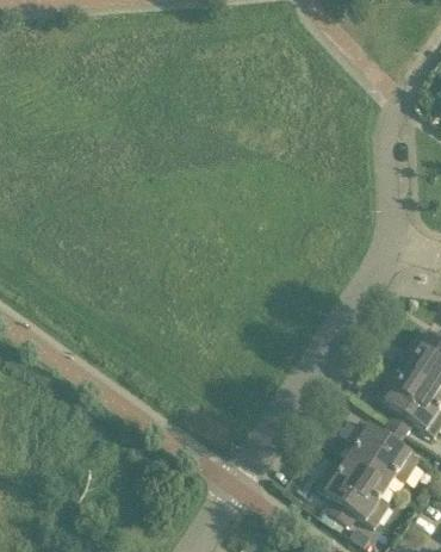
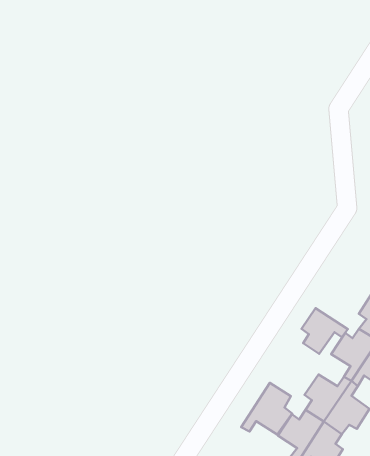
building: none -> [301,308,348,354]
building: none -> [241,383,292,435]

